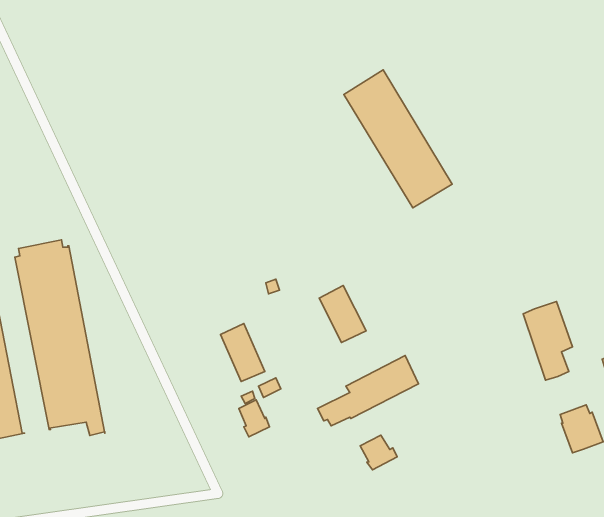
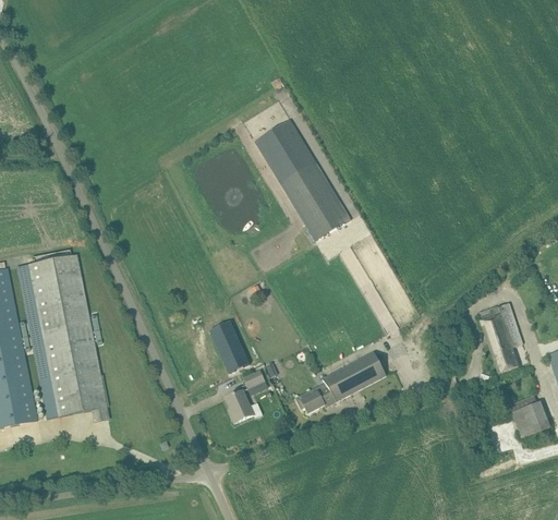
building: [344,70,452,208] -> [255,118,351,240]
building: [319,286,366,343] -> none
building: [360,435,397,470] -> none

